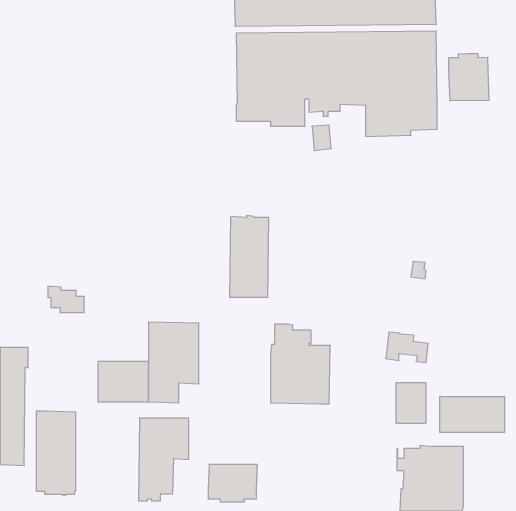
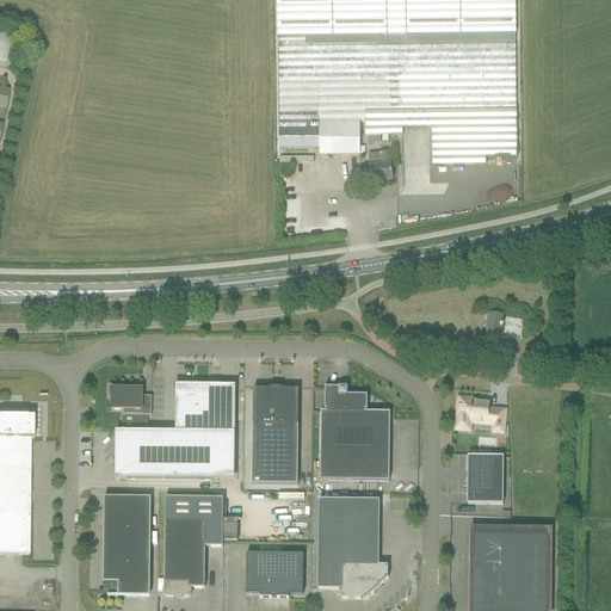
building: [449,54,489,101] -> none
building: [230,215,269,297] -> [252,383,298,480]
building: [48,286,84,313] -> [109,379,152,411]
building: [440,396,504,433] -> none
building: [36,411,76,495] -> [104,493,150,592]
building: none -> [317,495,388,595]

